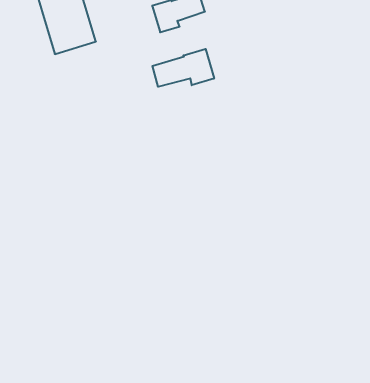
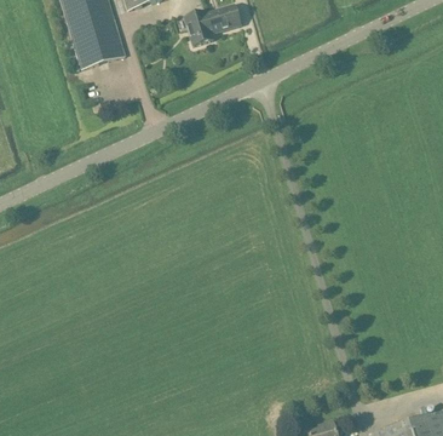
building: [152,49,214,87] -> none

